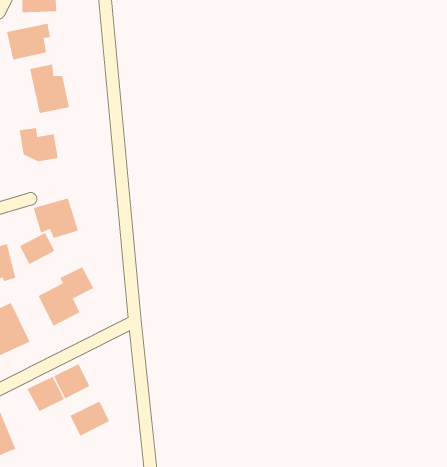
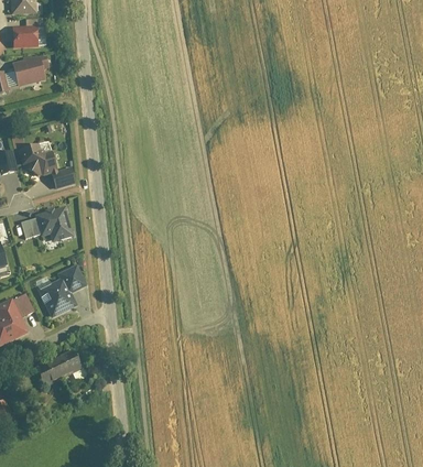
building: [29,64,69,114] -> none
building: [19,232,55,265] -> none
building: [70,401,110,437] -> none

